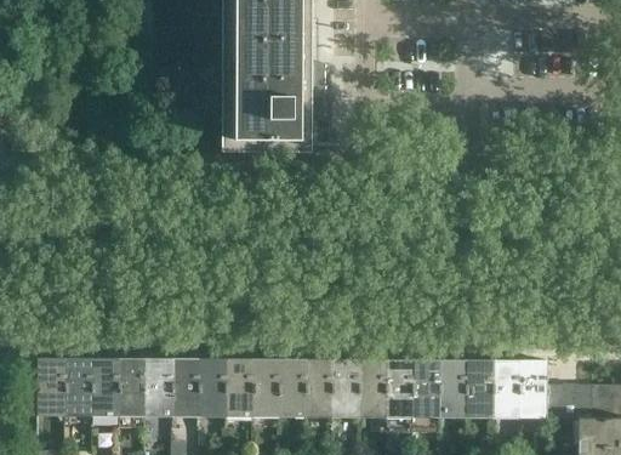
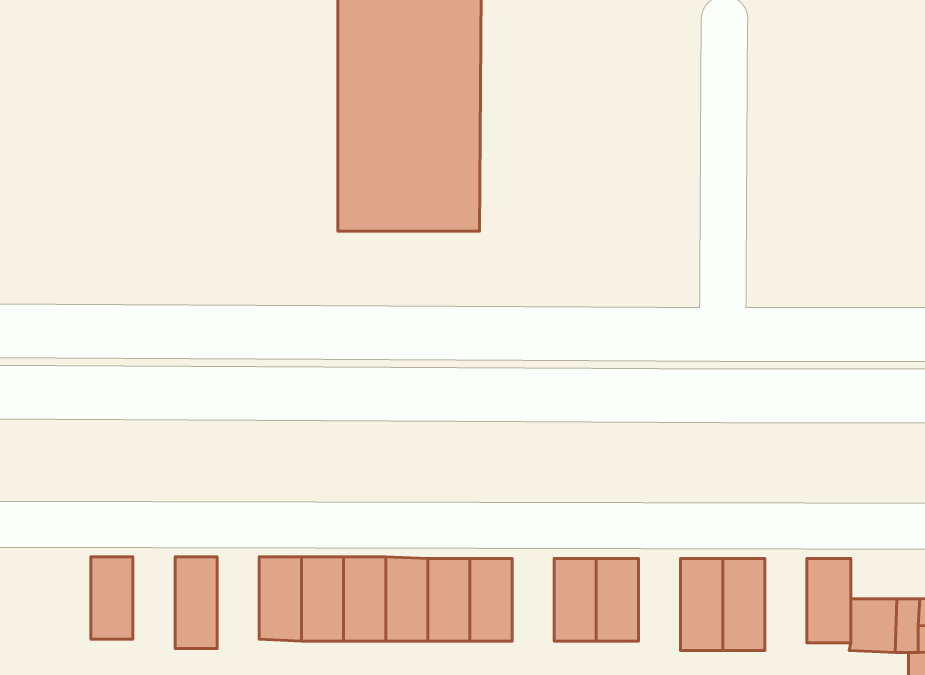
building: [36,359,64,417] -> none
building: [91,359,118,417] -> none
building: [144,359,171,411] -> none
building: [331,360,358,413] -> none
building: [411,360,438,419] -> none
building: [491,360,518,419] -> none

